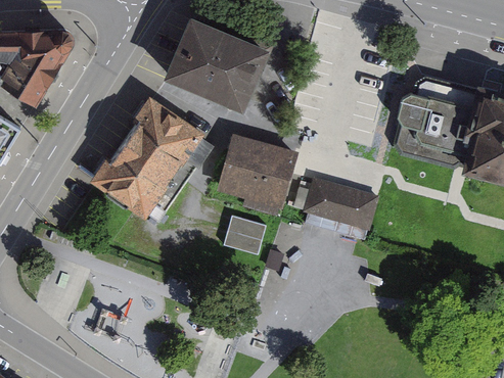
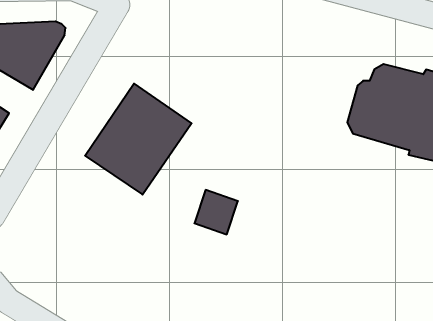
building: [167,17,273,114] -> none
building: [216,135,299,209] -> none
building: [302,179,369,229] -> none

